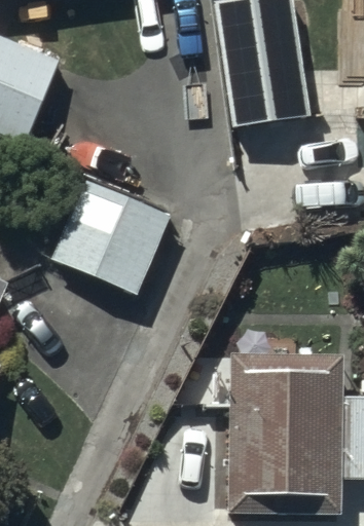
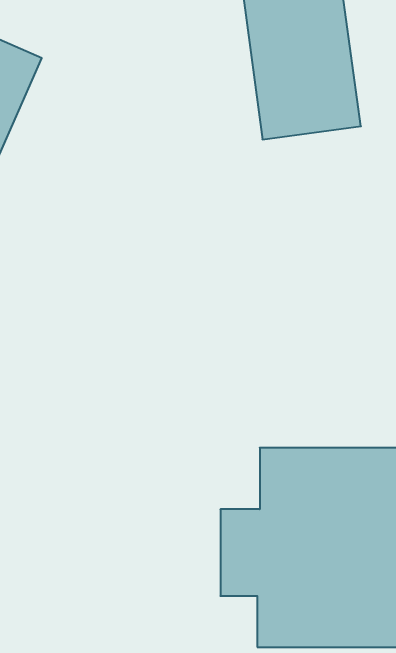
building: [51,180,172,296] -> none

